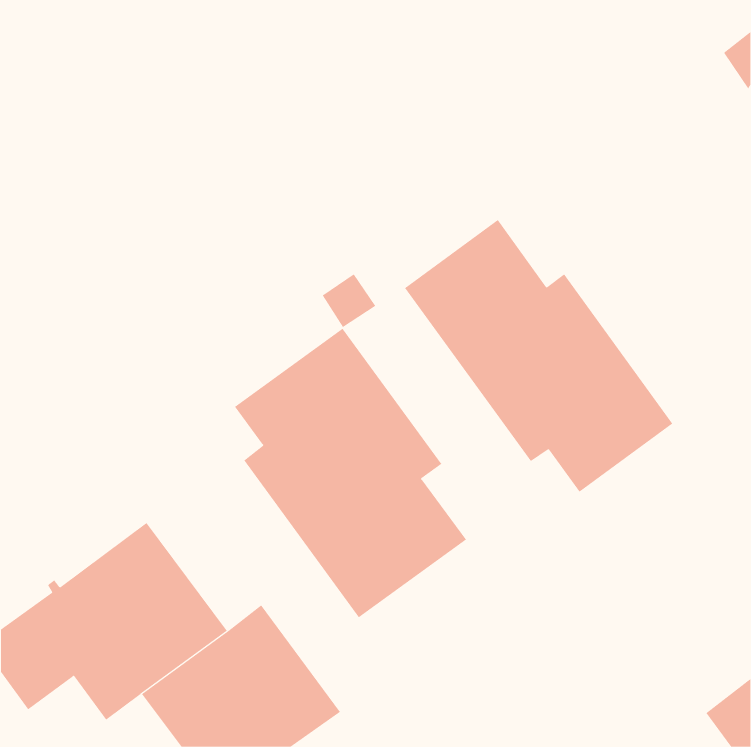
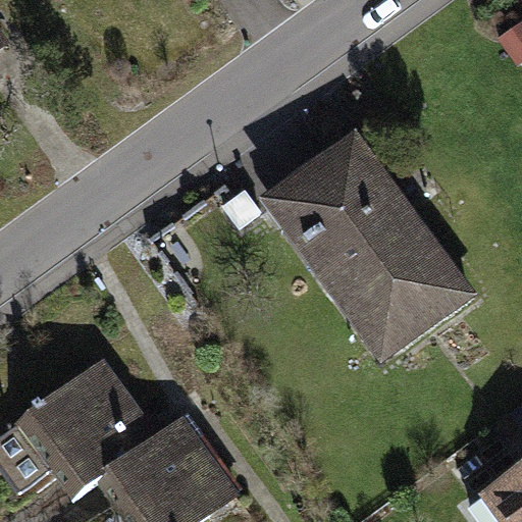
building: [234,328,467,618] -> none

